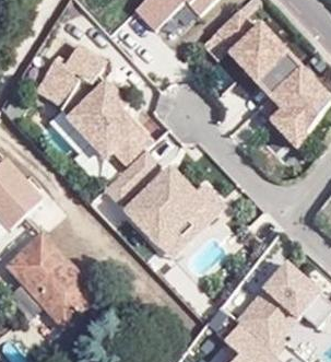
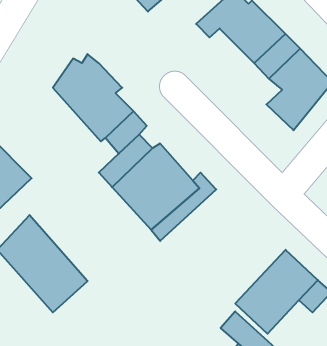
building: [37,47,104,107] -> none

